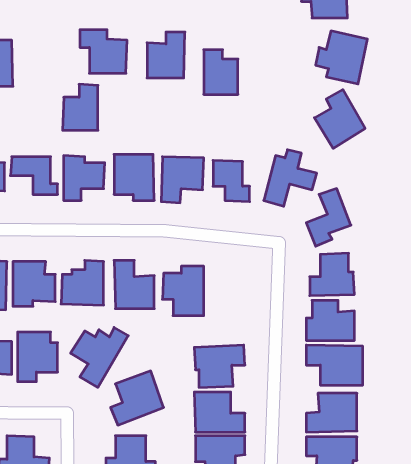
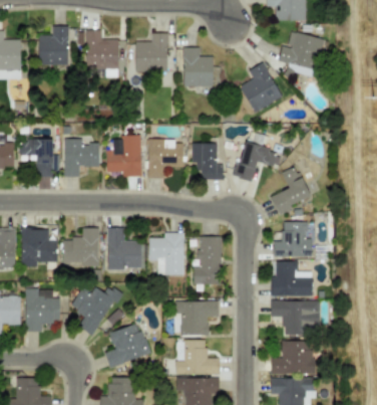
building: [63,84,98,130] -> [38,25,68,64]
building: [314,90,365,148] -> [239,62,282,113]
building: none -> [193,236,222,284]

